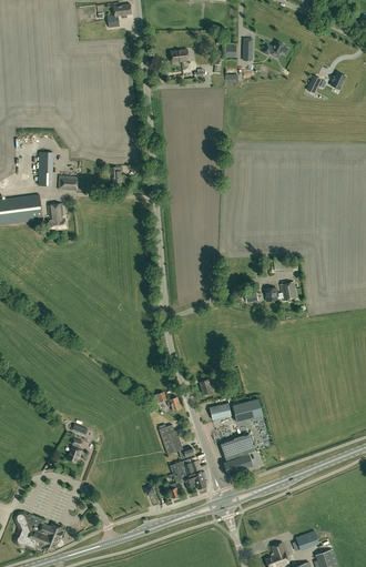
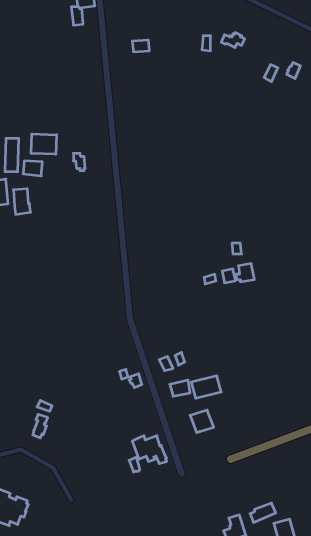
building: none -> [31,134,57,154]
building: [159,425,194,458] -> none
building: [221,439,253,474] -> none

